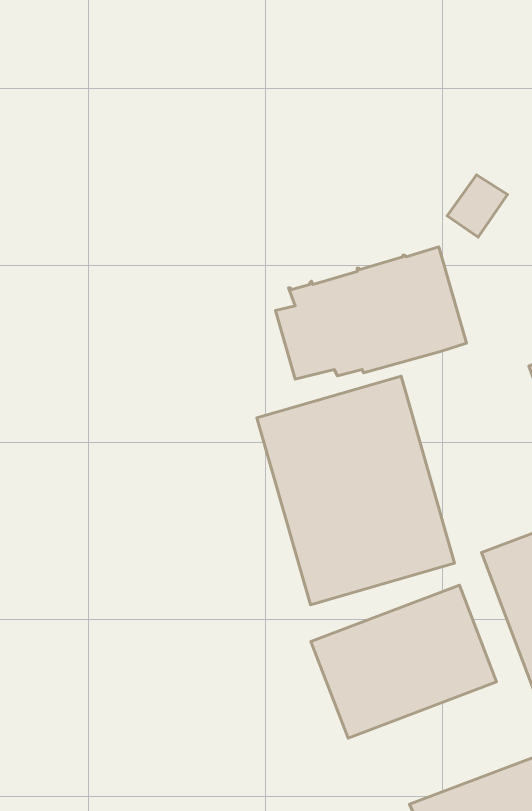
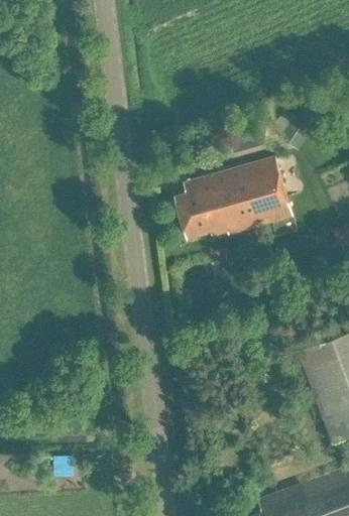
building: [257,376,455,605] -> none
building: [311,585,497,738] -> none

